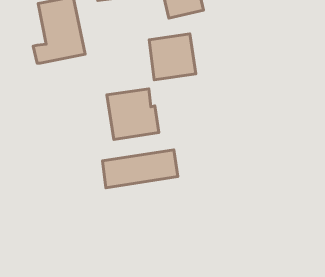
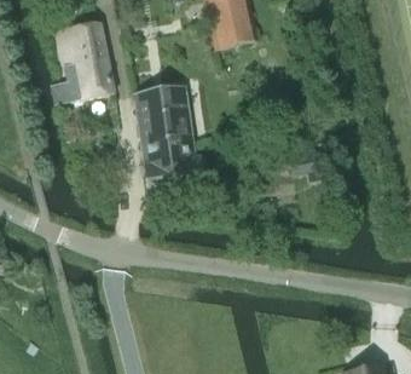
building: [149,34,196,80] -> [134,86,191,142]
building: [102,150,178,188] -> none

